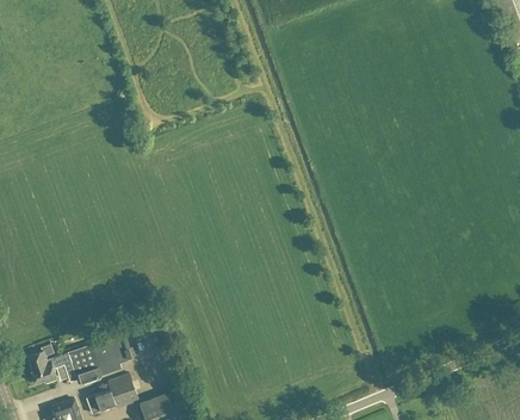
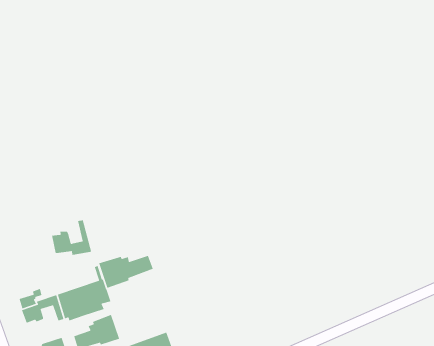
building: none -> [51,219,92,259]
building: none -> [98,255,154,289]

